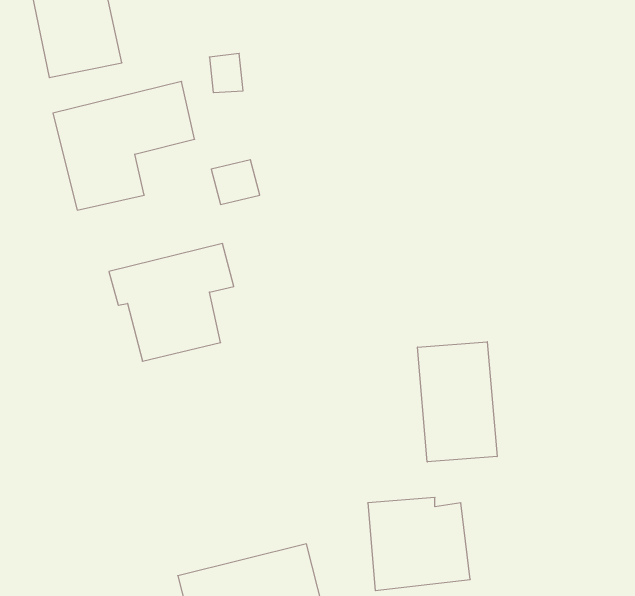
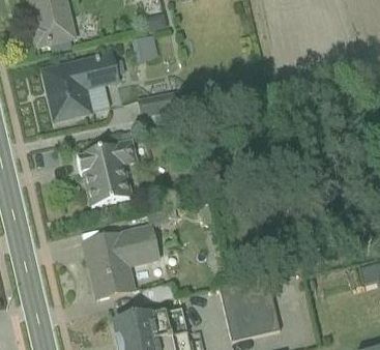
building: [418,342,497,462] -> none
building: none -> [82,221,162,298]

